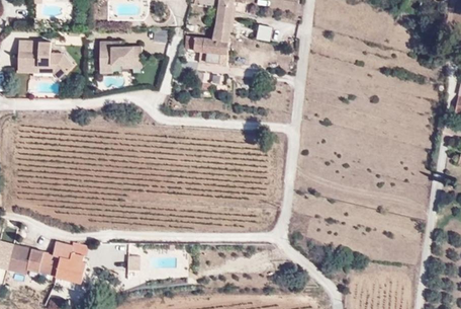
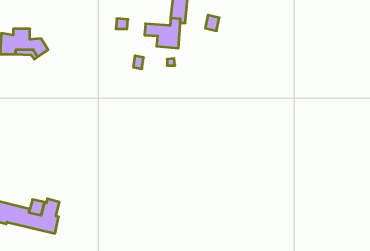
building: [101,46,144,75] -> none

